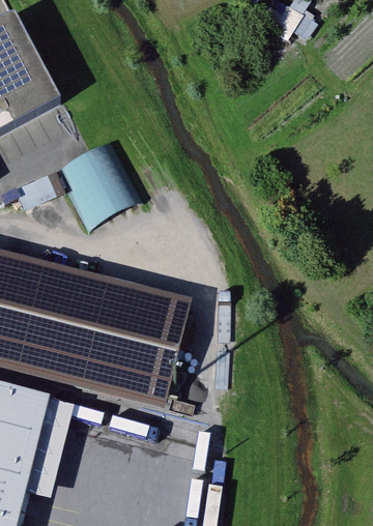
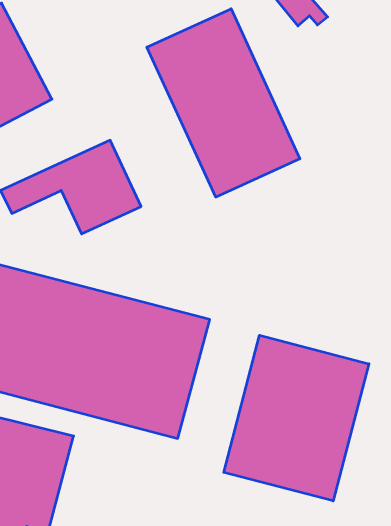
building: none -> [147,9,300,197]
building: none -> [224,335,369,501]

